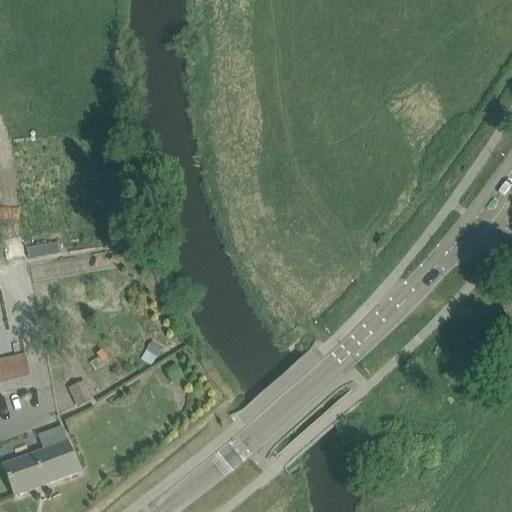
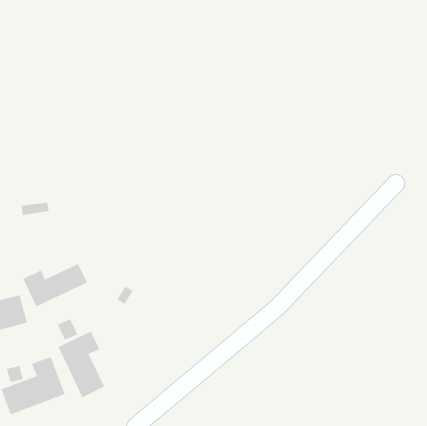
building: none -> [23,263,88,307]
building: none -> [58,331,105,398]

